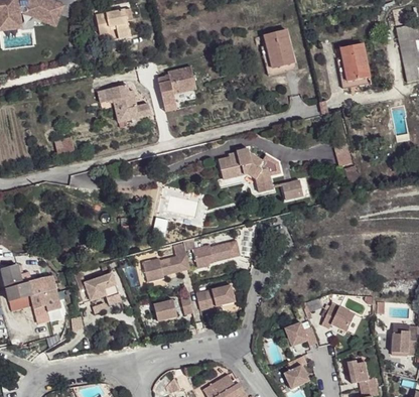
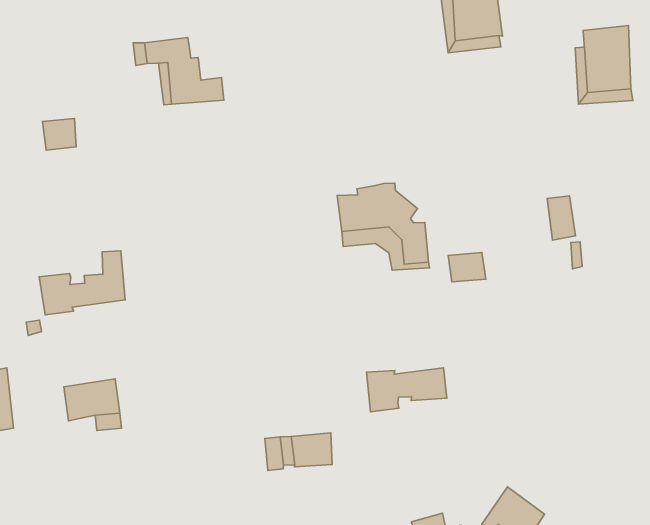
building: [157,65,195,106] -> none
building: [194,238,240,267] -> [367,368,447,412]
building: [142,241,190,281] -> [39,251,125,315]
building: [154,297,193,322] -> none

